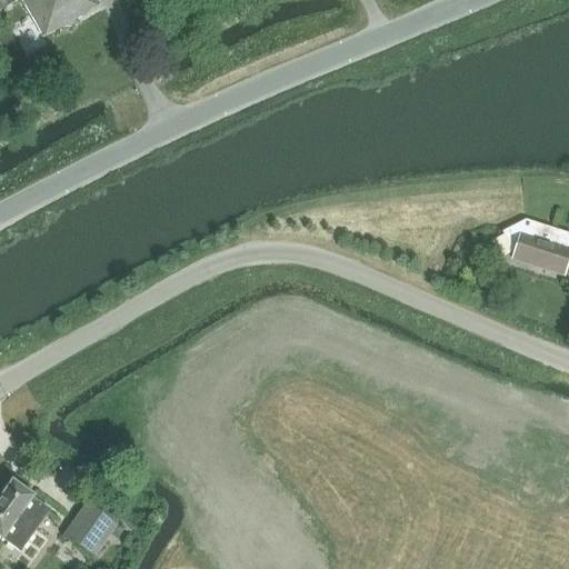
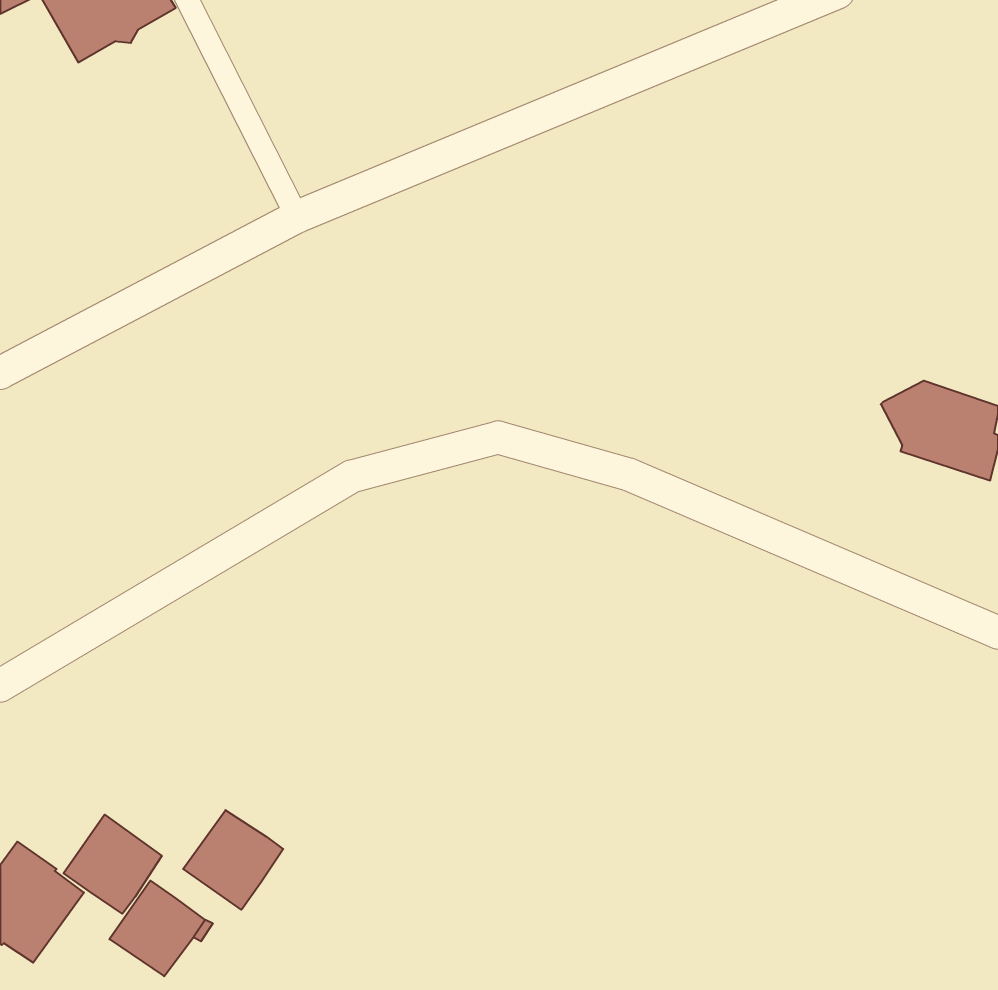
building: none -> [183,810,283,910]
building: none -> [64,815,162,914]

